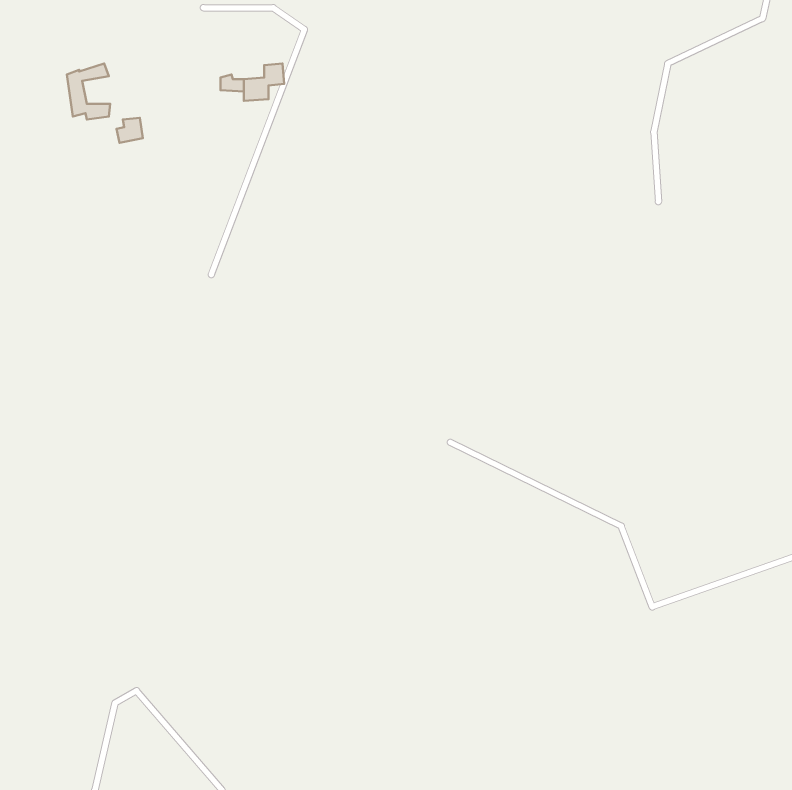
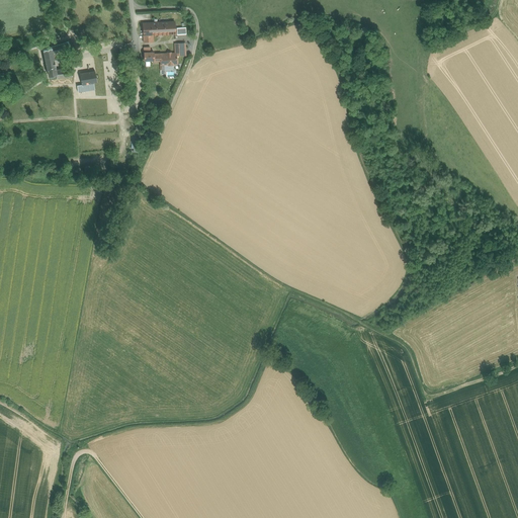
building: none -> [141,21,175,41]

